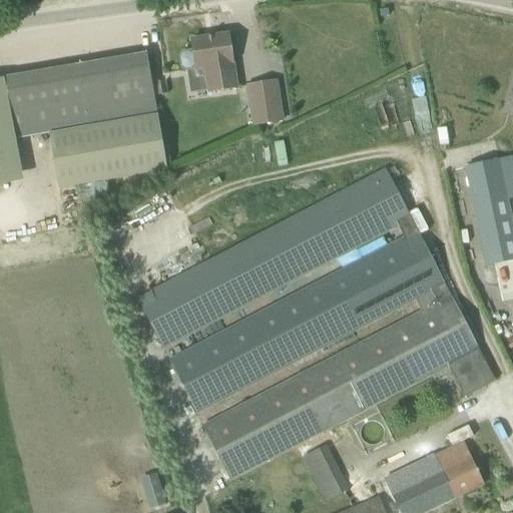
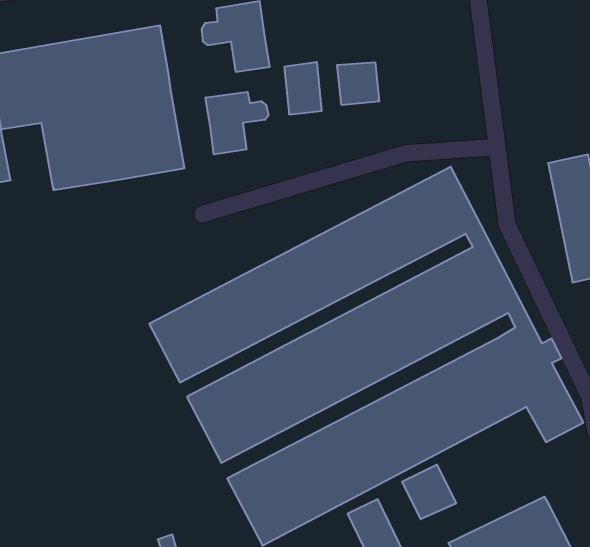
building: none -> [337,62,379,105]
building: none -> [206,92,268,154]
building: none -> [402,465,456,519]

